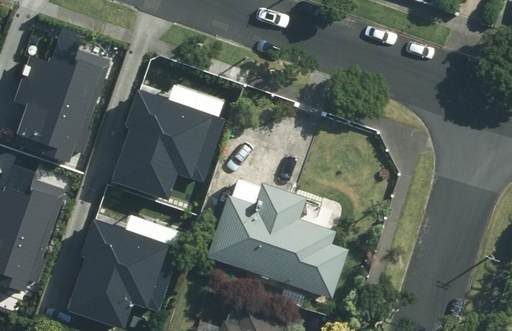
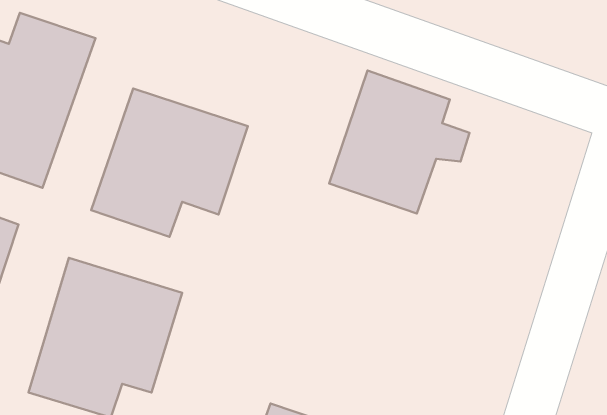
building: none -> [329,70,470,214]
building: [202,187,347,301] -> none

